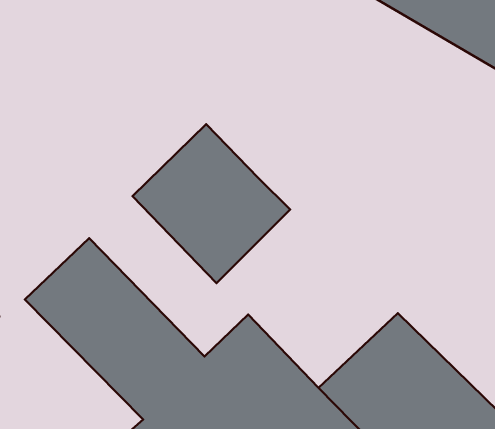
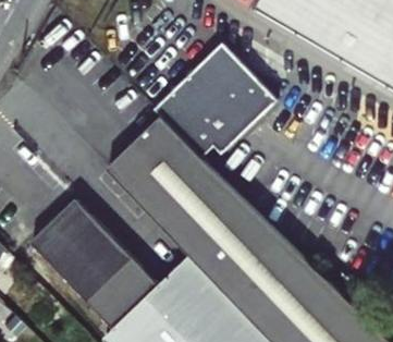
building: none -> [151,40,274,155]
building: none -> [168,178,299,307]

